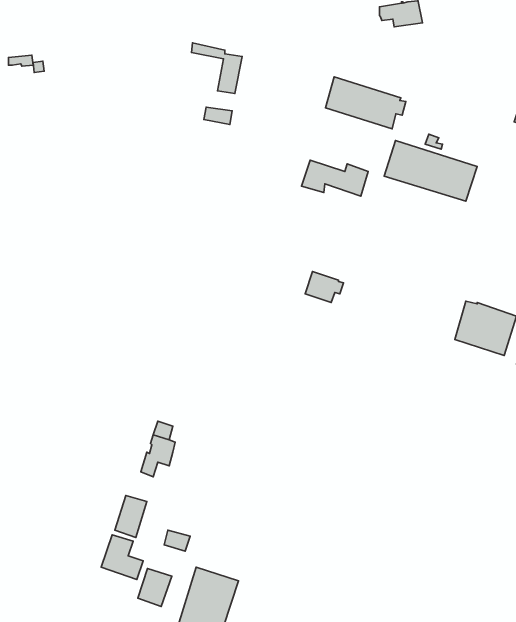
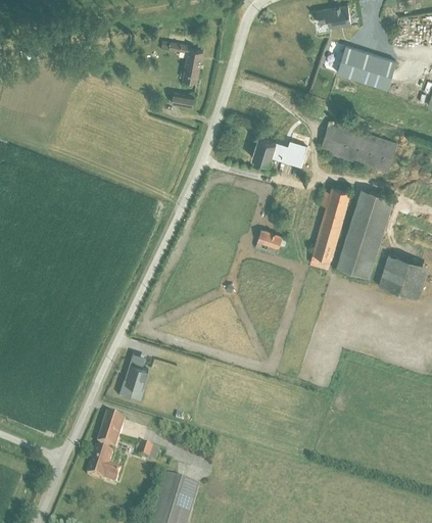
building: [325,77,406,129] -> [323,42,389,85]
building: none -> [309,188,350,270]
building: none -> [336,189,393,278]
building: [138,569,172,606] -> none

